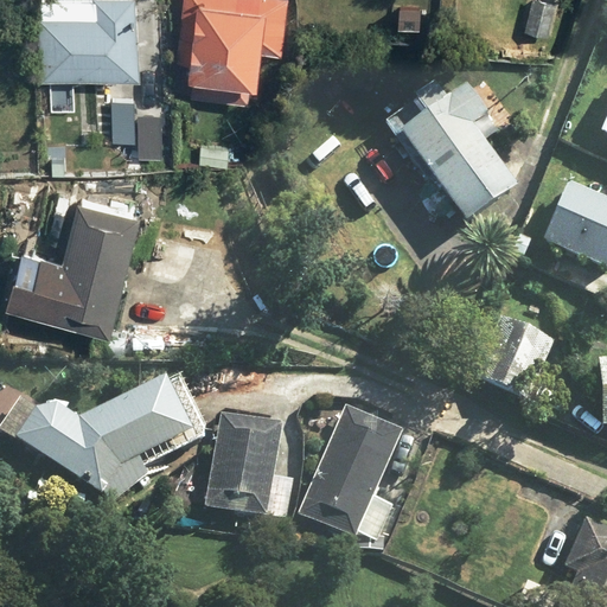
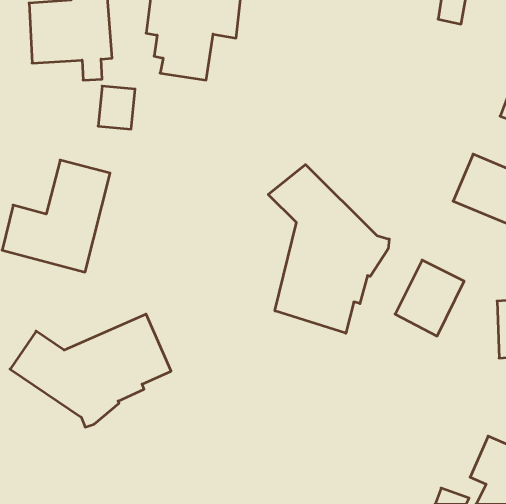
building: [385,70,517,228] -> none
building: none -> [268,165,389,333]
building: [298,403,404,557] -> none
building: [203,413,296,523] -> none

